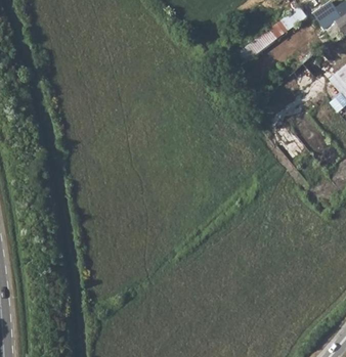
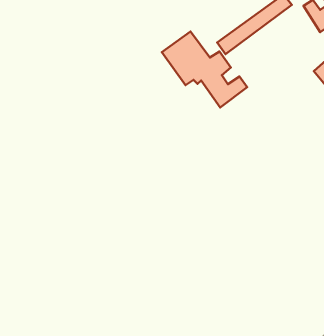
building: none -> [162,31,247,107]

